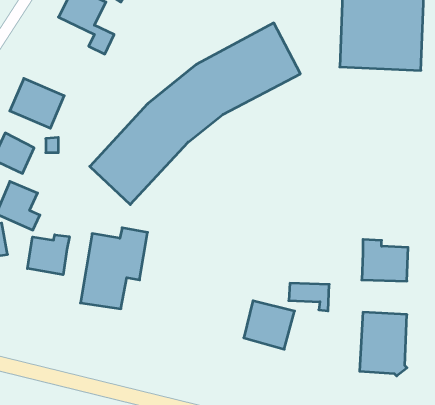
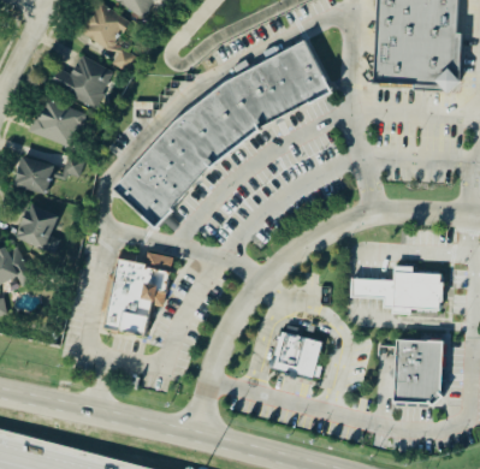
building: none -> [51,53,114,107]
building: [27,235,69,275] -> none
building: [289,283,329,311] -> [355,277,397,305]

